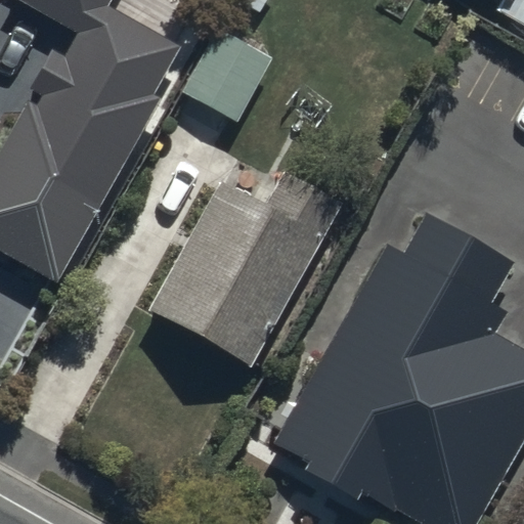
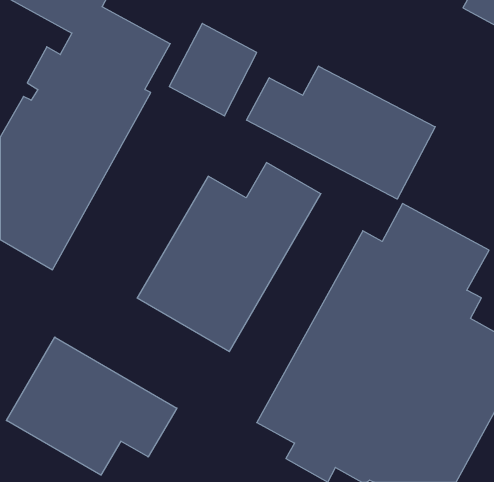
building: none -> [247,66,435,199]
building: none -> [6,337,177,475]

